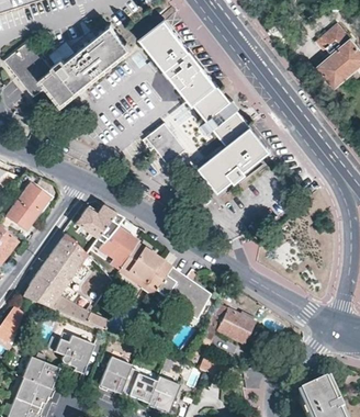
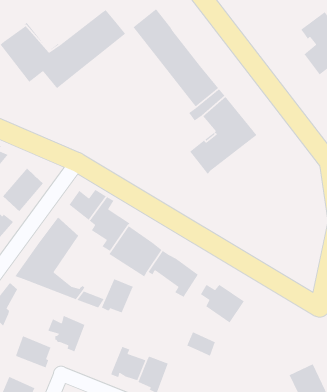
building: [143,121,185,161] -> none
building: [97,358,131,394] -> [101,278,134,313]
building: [13,379,52,410] -> none

